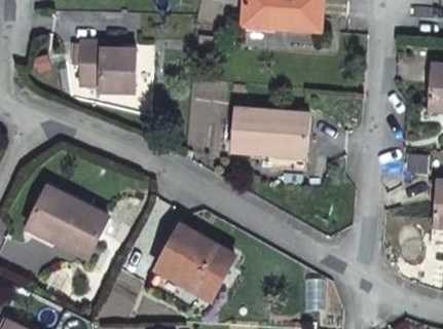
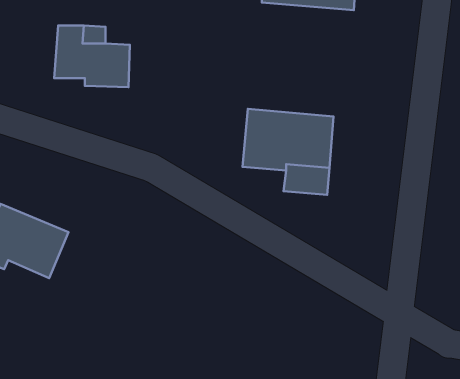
building: [159,228,235,303] -> none

